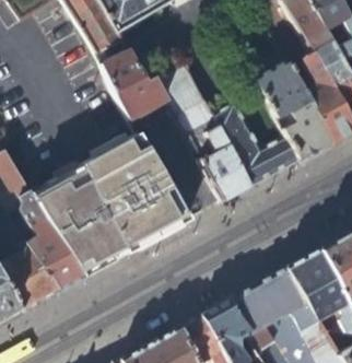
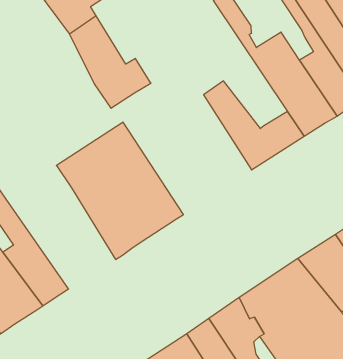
building: [159,66,254,201] -> none
building: [34,167,127,278] -> none

